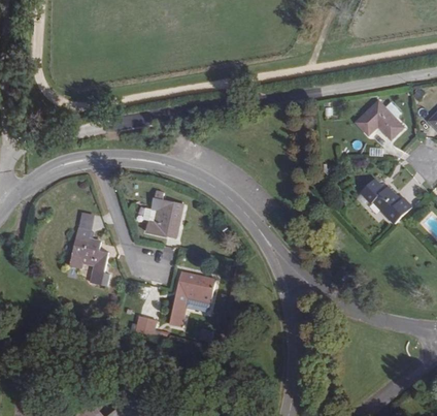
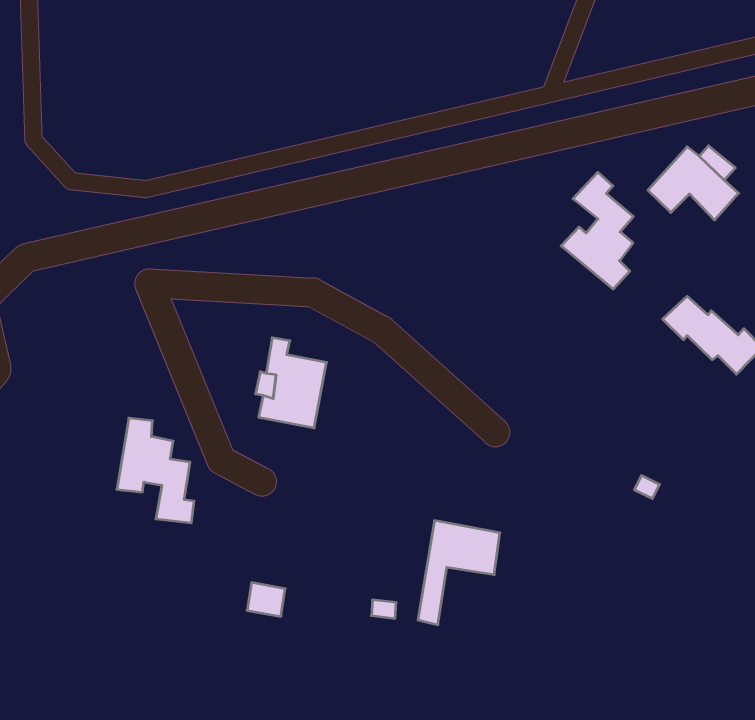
building: none -> [561,172,633,289]
building: [169,271,214,326] -> [418,521,500,625]

